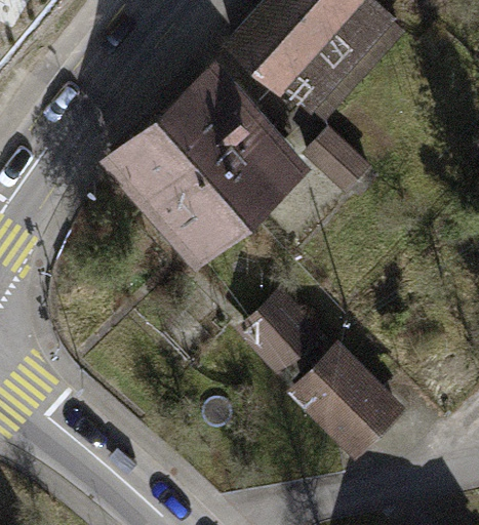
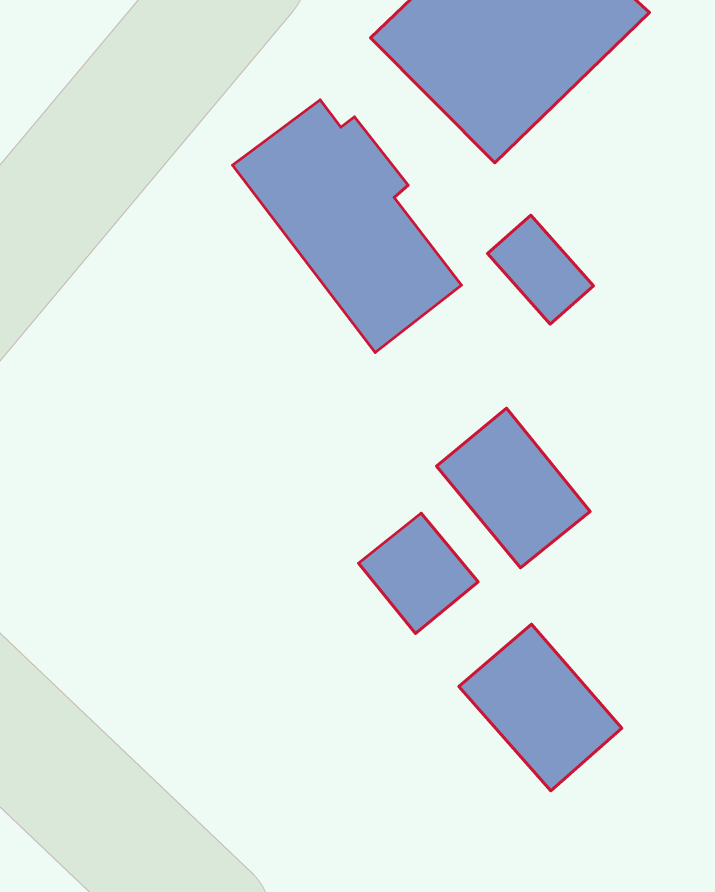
building: [119,115,250,253] -> none
building: none -> [437,408,590,568]

